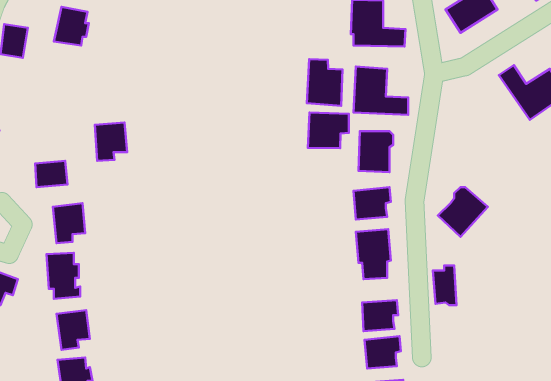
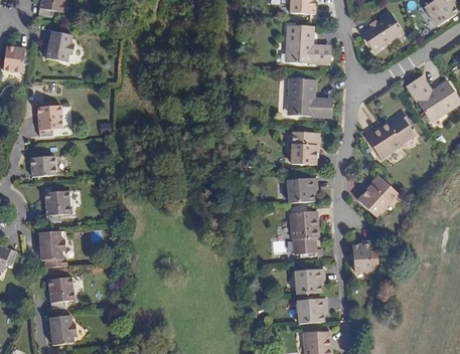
building: [307,59,343,106] -> none
building: [308,113,349,148] -> none
building: none -> [365,117,411,158]
building: [95,122,127,161] -> [36,98,62,129]

